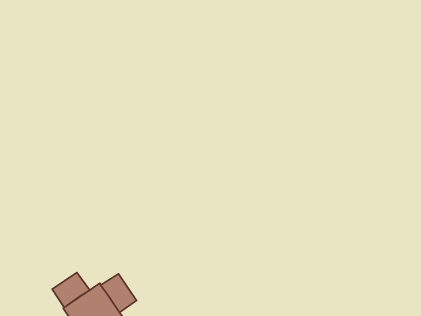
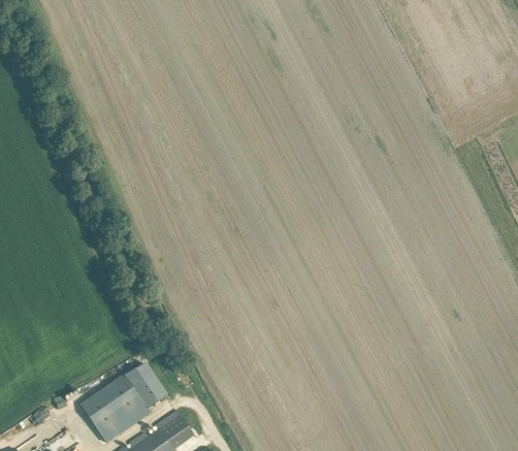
building: [52,272,90,307] -> none

